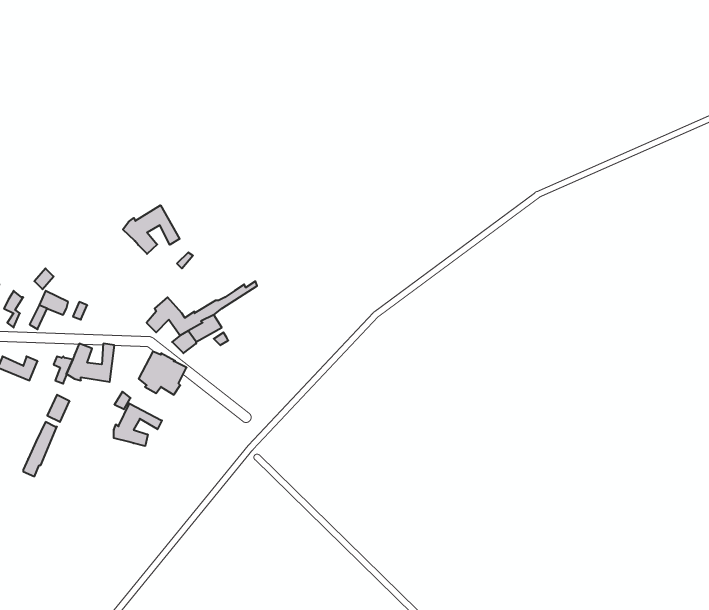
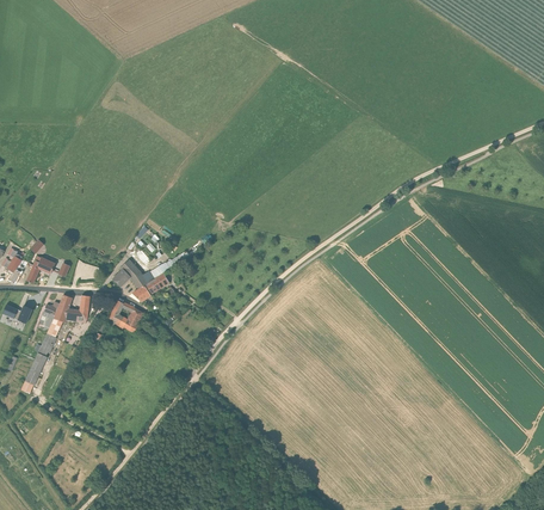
building: [123,205,180,254] -> none
building: [114,403,162,446] -> none

